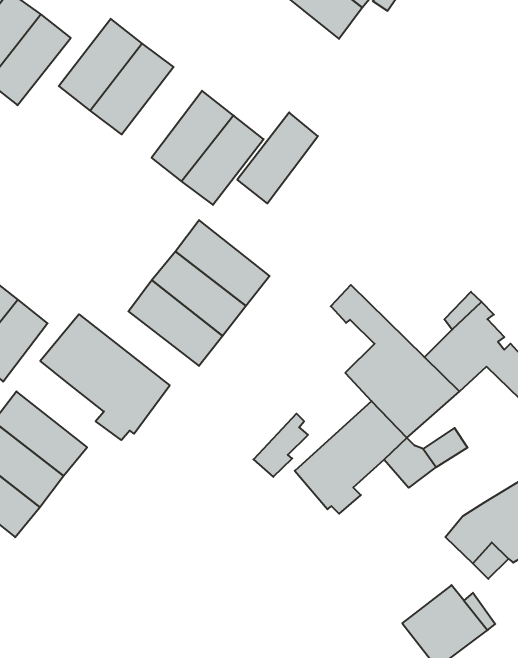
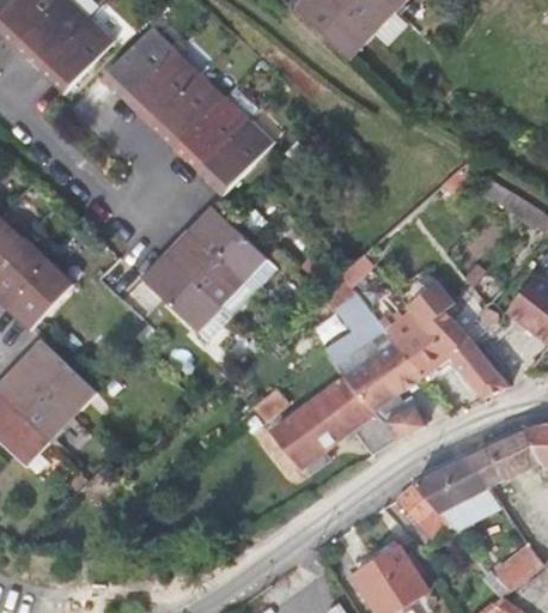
building: [237,112,318,203] -> [151,72,224,148]
building: [40,314,170,440] -> none

